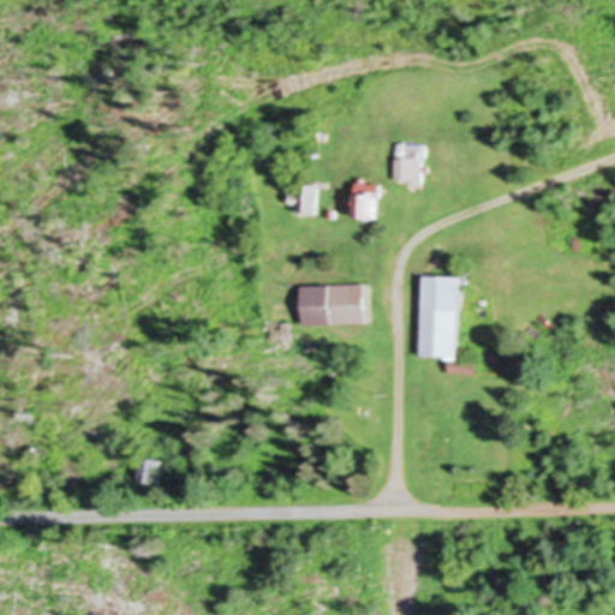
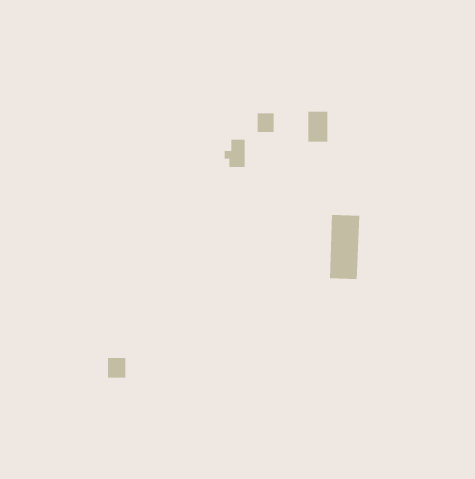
building: [353,193,376,219] -> [257,113,275,133]
building: [300,285,363,324] -> none

